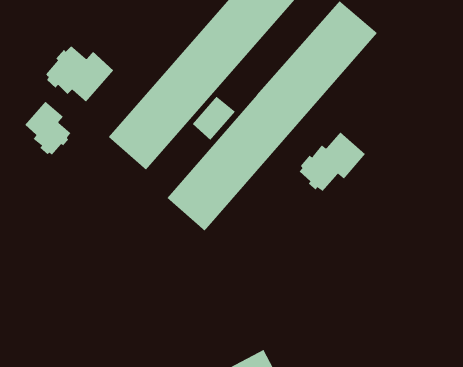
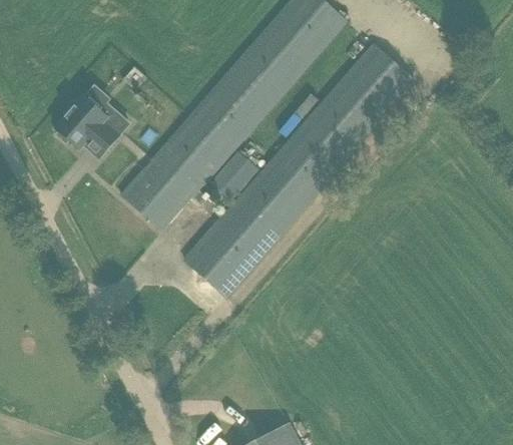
building: [24,101,71,155] -> none
building: [299,131,366,192] -> none

